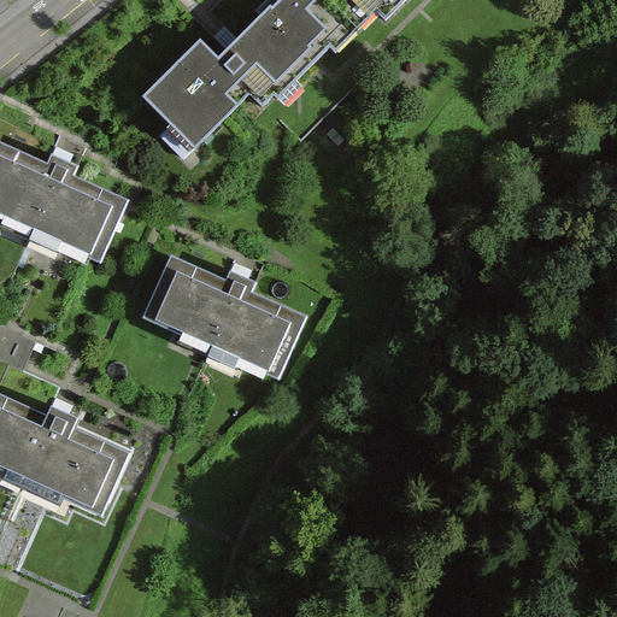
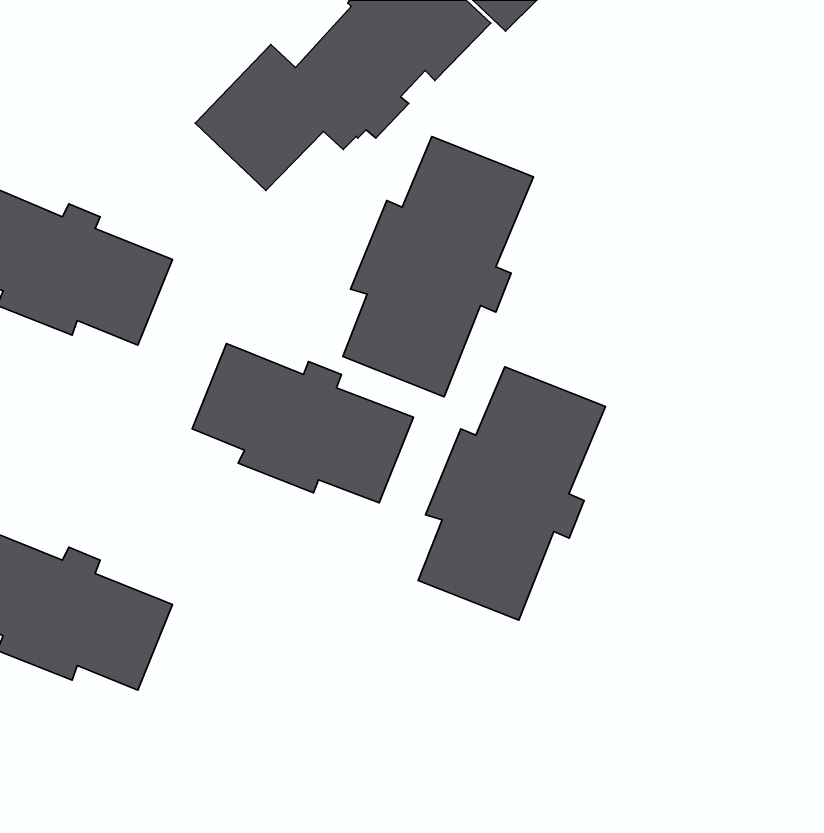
building: none -> [343,137,533,397]
building: none -> [418,367,605,620]

